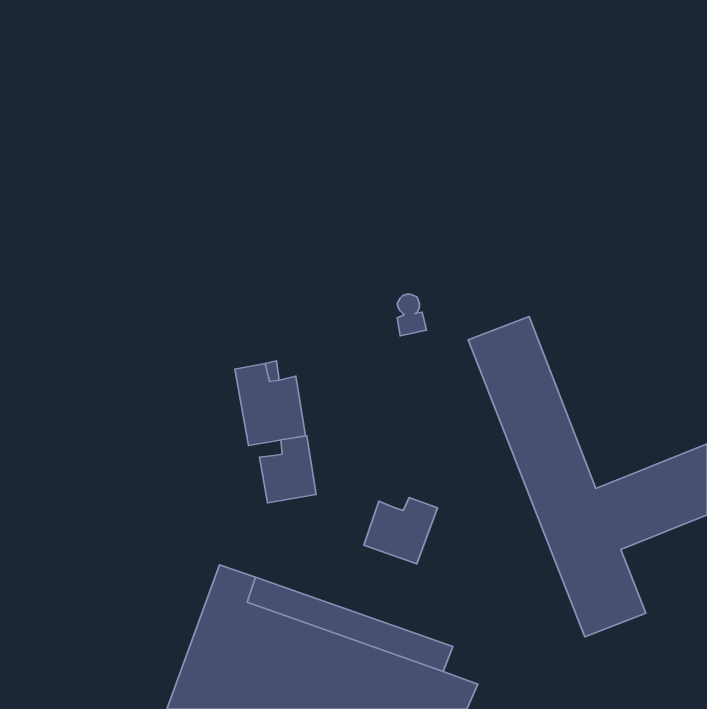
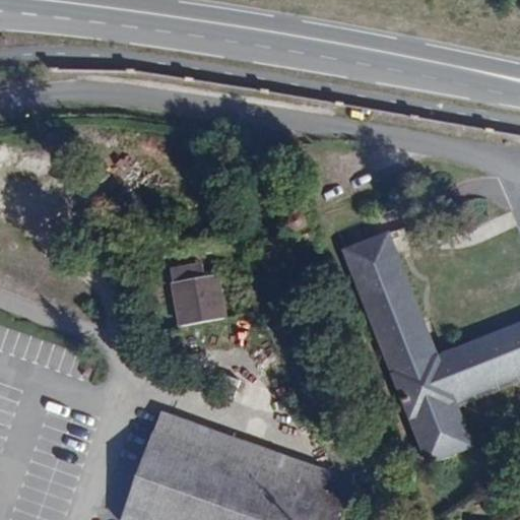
building: [259,436,316,503] -> none
building: [364,497,438,564] -> none

